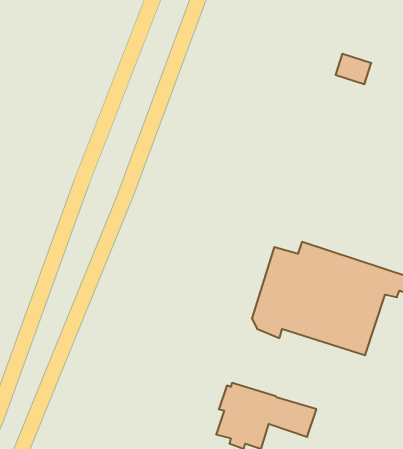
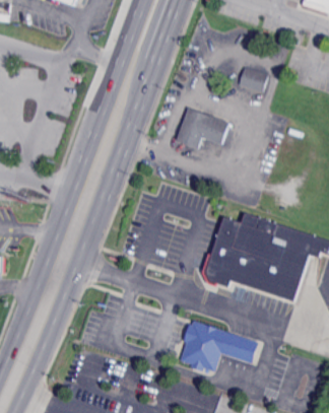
building: [336,54,371,84] -> [238,68,265,91]
building: none -> [175,109,226,148]

